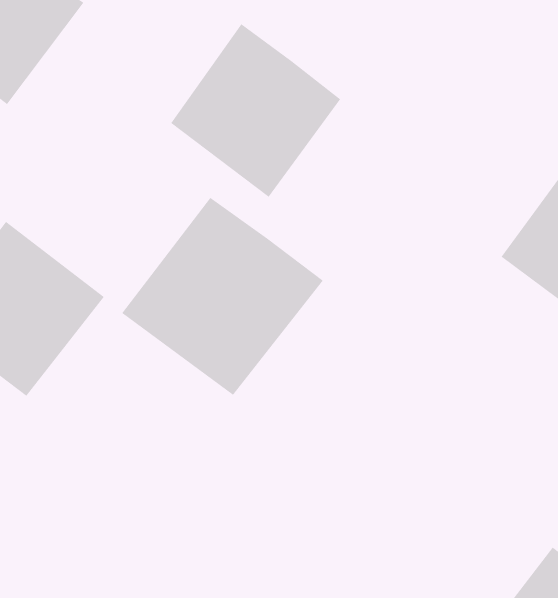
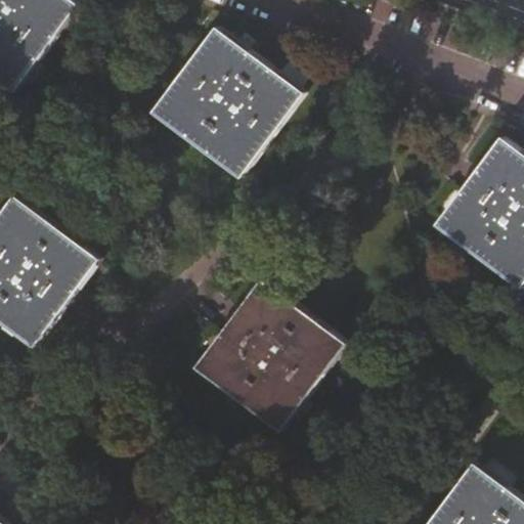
building: [121,197,324,396] -> none
building: none -> [202,287,351,436]

